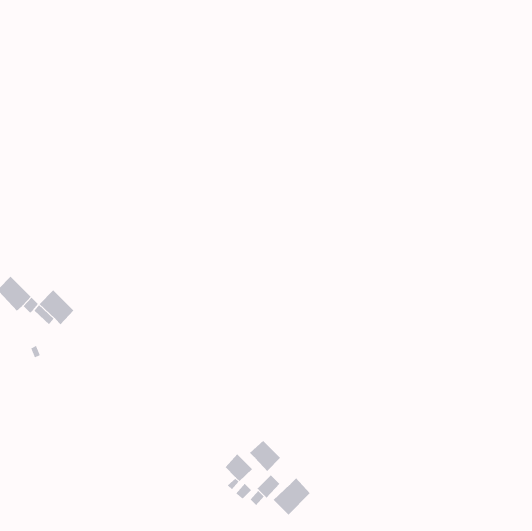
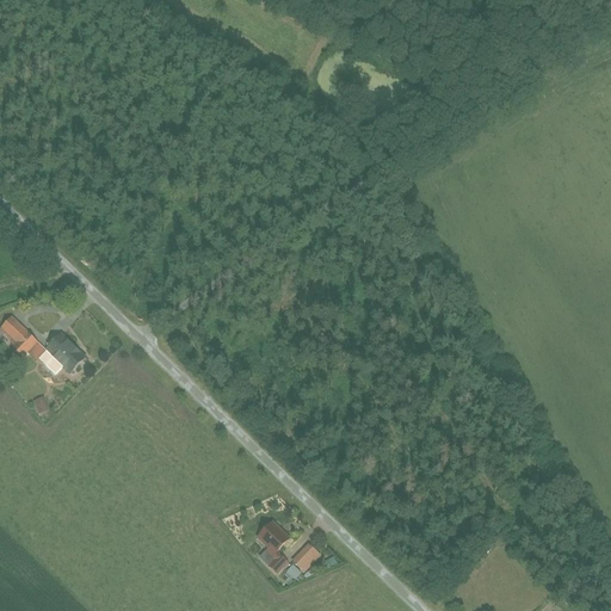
building: [249,440,281,472] -> none
building: [273,478,311,516] -> none

